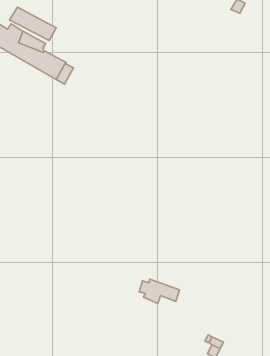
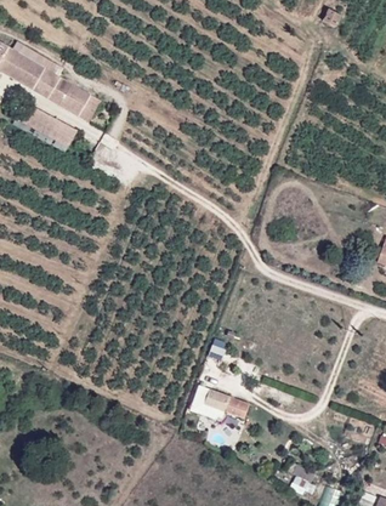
building: [9,7,56,40] -> [18,103,81,148]

